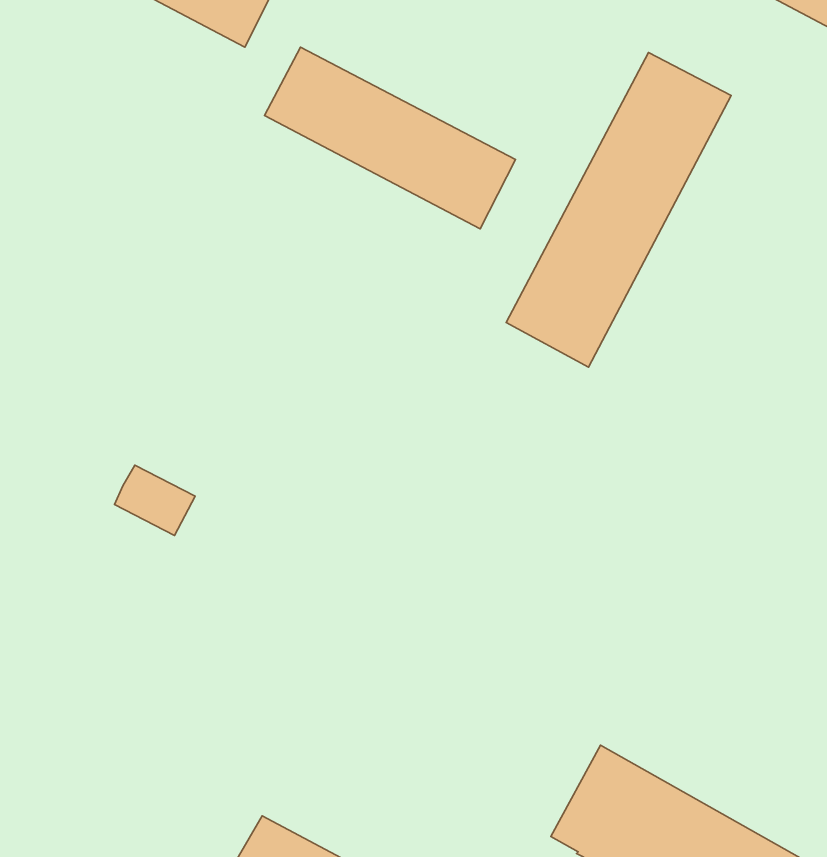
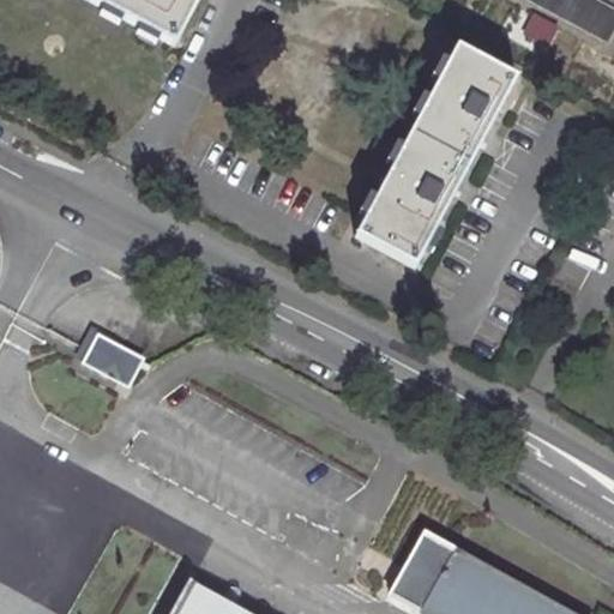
building: [265,47,516,229] -> none

